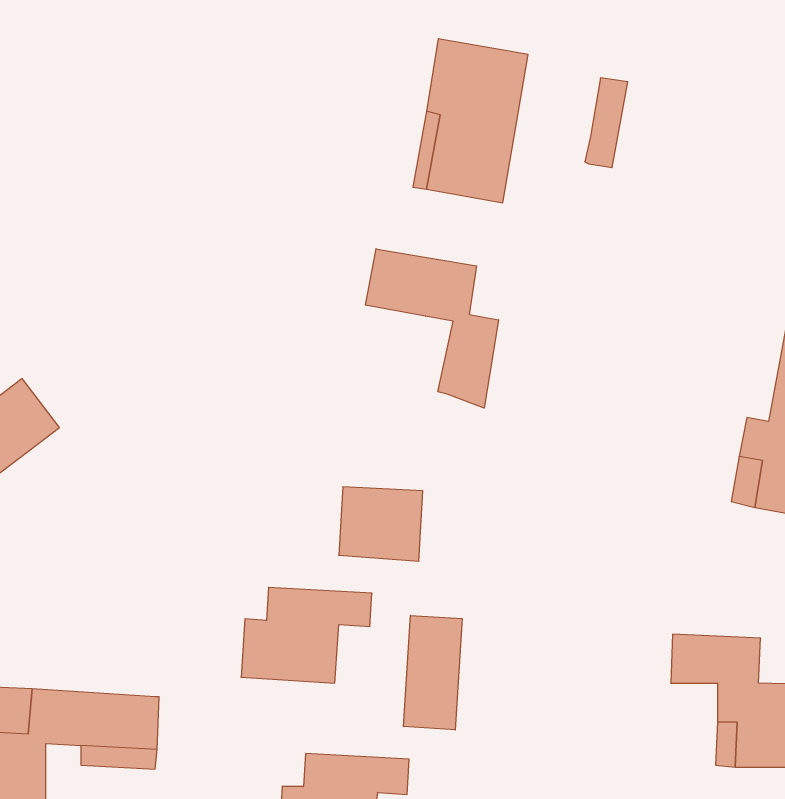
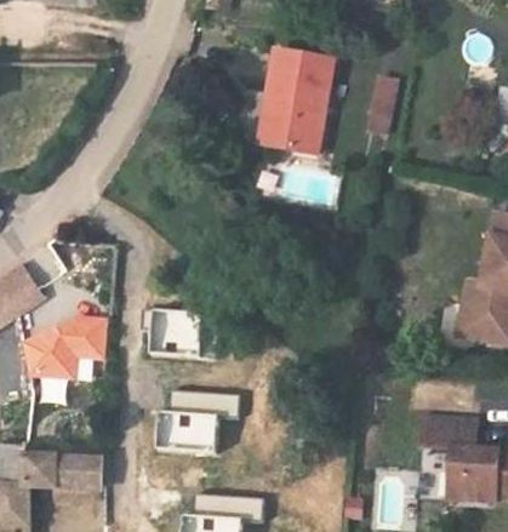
building: [365,249,499,408] -> none
building: none -> [24,318,101,377]
building: [339,487,423,561] -> [145,308,198,354]
building: [404,615,462,730] -> none

